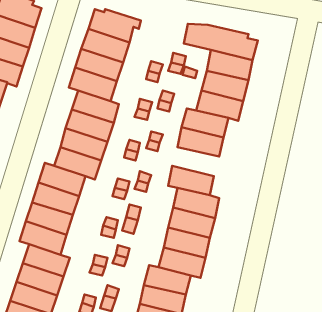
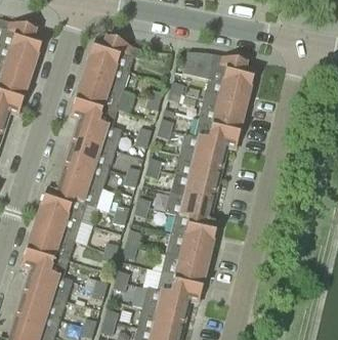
building: none -> [171,173,217,202]

